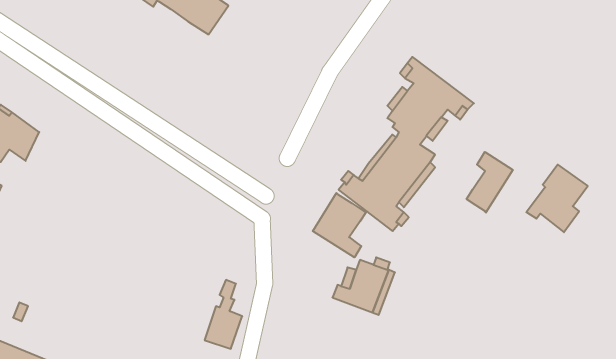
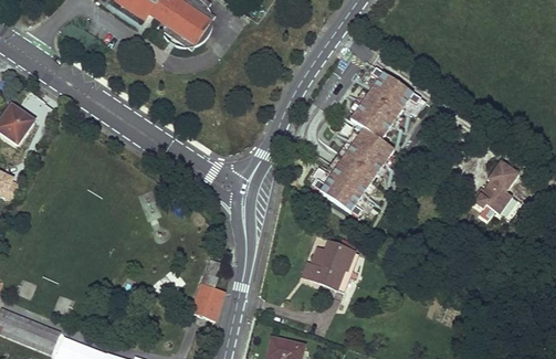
building: [467,152,513,213] -> none
building: [313,193,366,257] -> none

